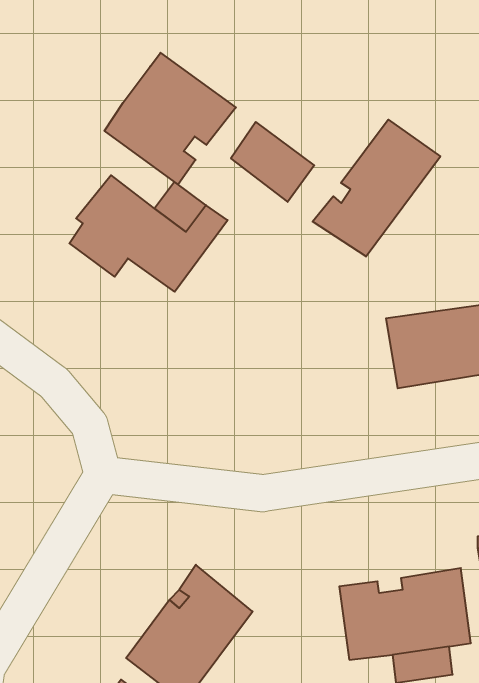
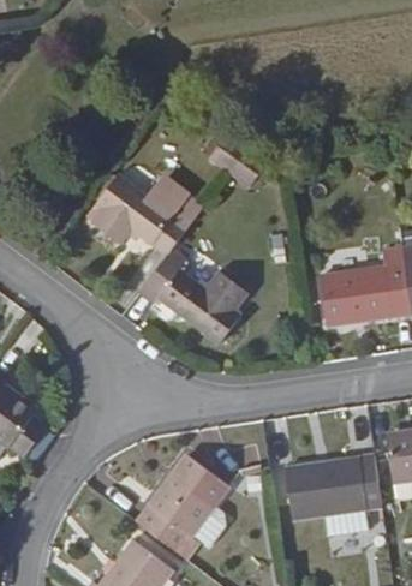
building: [104,53,236,185] -> none
building: [313,120,440,257] -> none
building: none -> [142,257,252,346]

